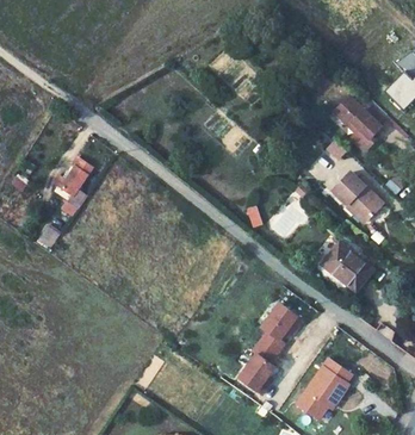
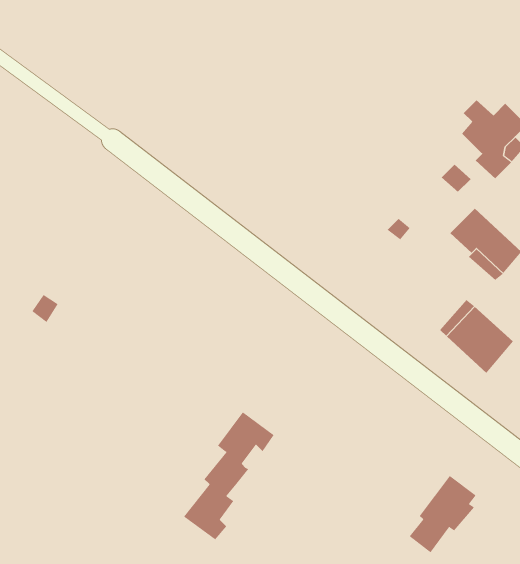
building: [52,159,89,211] -> none
building: [237,305,302,396] -> [183,412,275,540]

